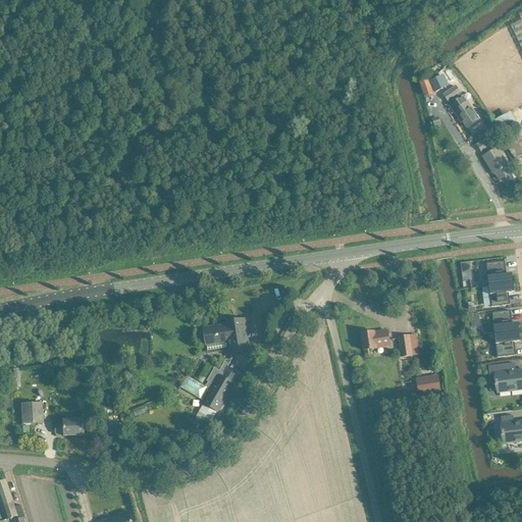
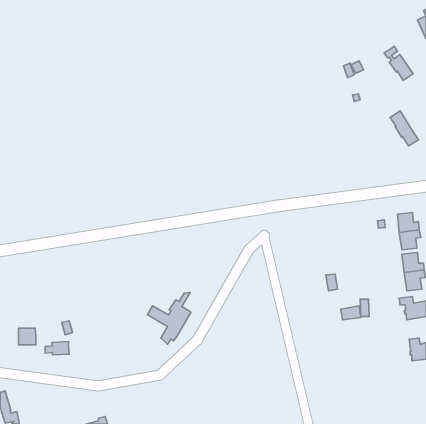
building: [443,85,479,126] -> [384,46,413,80]
building: [196,319,249,352] -> none
building: [361,329,389,349] -> none

